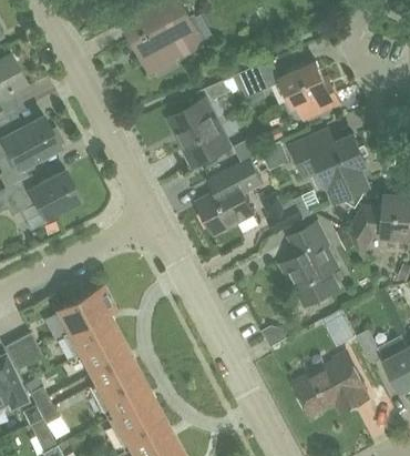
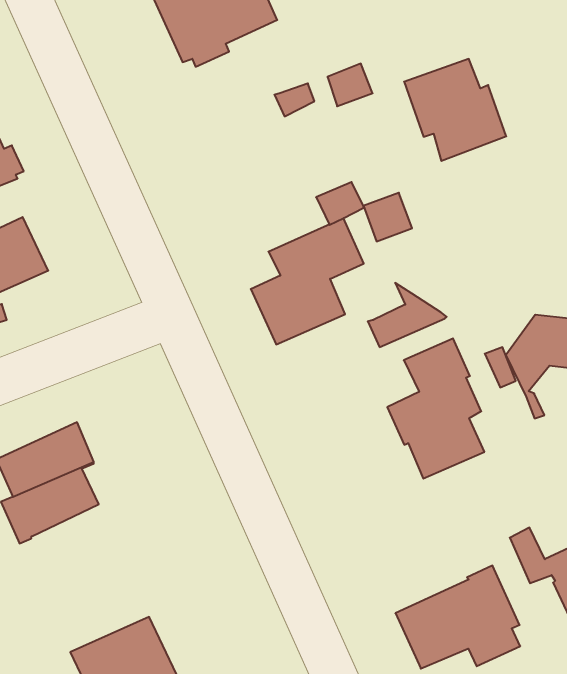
building: [168,101,228,165] -> none
building: [289,130,372,206] -> none
building: [80,333,129,374] -> none
building: [89,363,151,419] -> none

